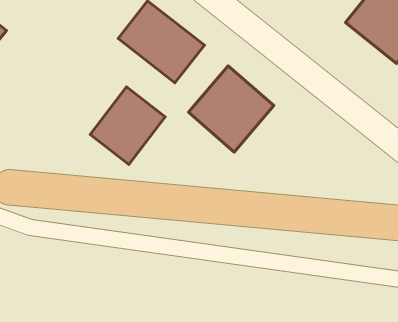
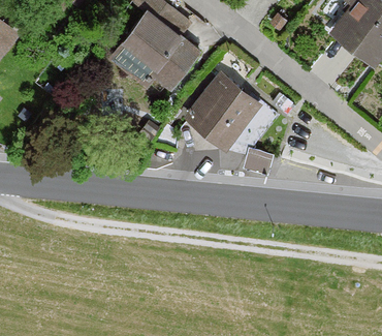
building: [90,87,165,165] -> none

